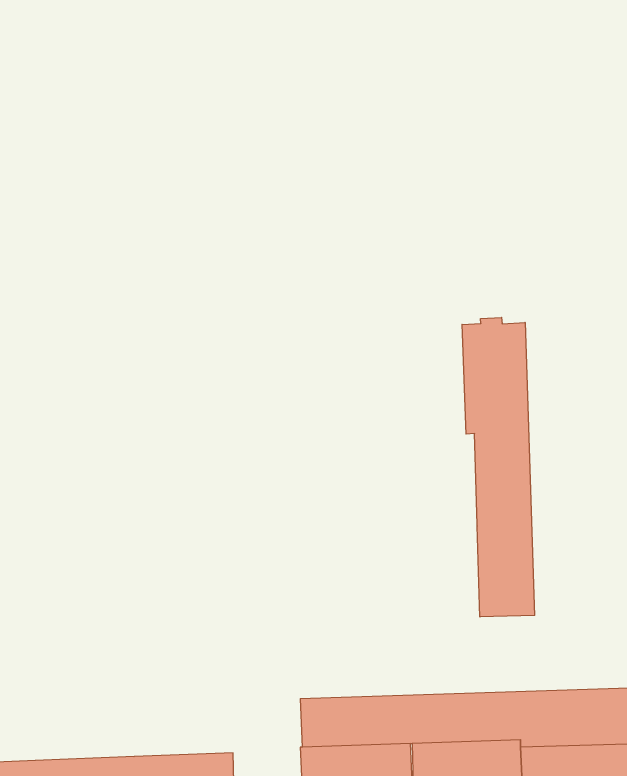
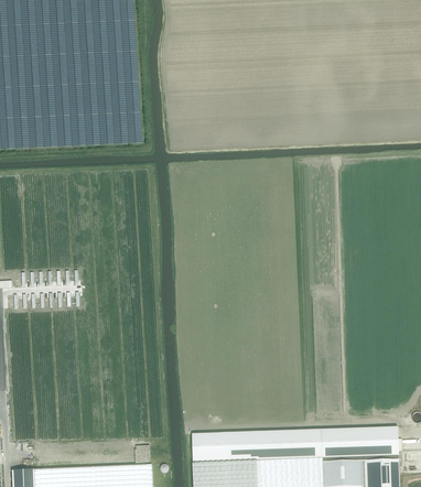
building: [462,317,535,617] -> none

